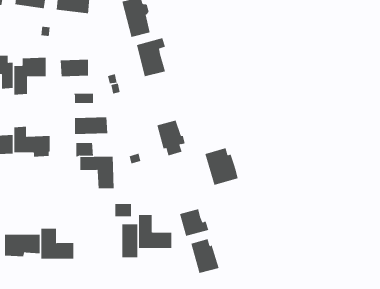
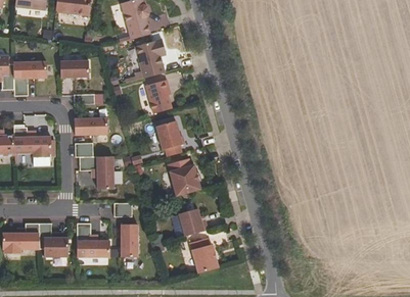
building: none -> [145,81,170,112]
building: [204,148,238,186] -> [168,158,201,196]
building: [138,215,172,249] -> [77,222,110,256]

